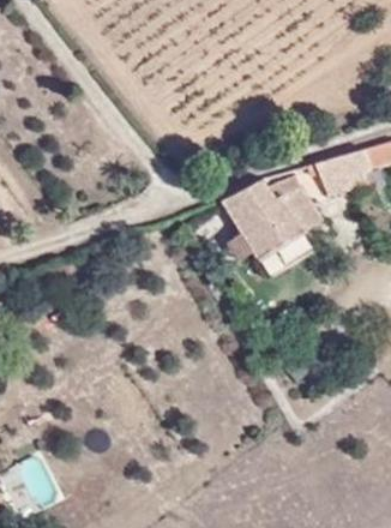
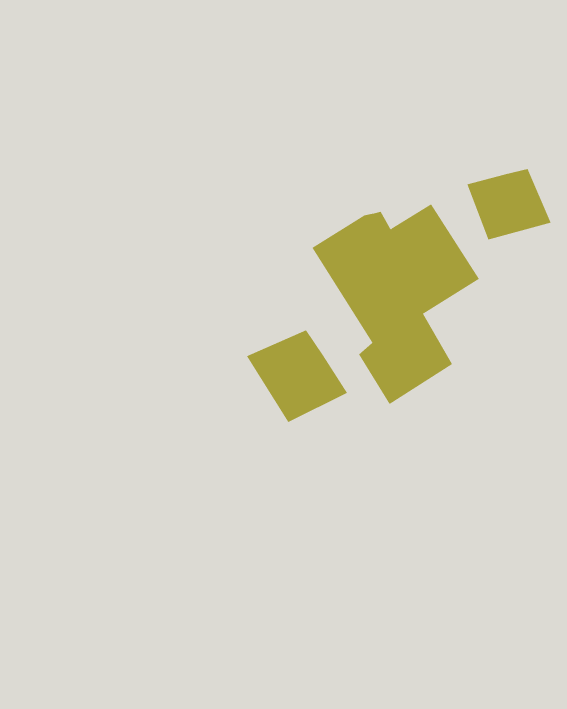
building: none -> [246,330,348,423]

